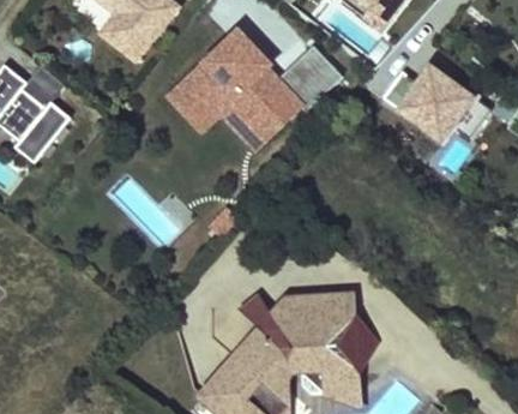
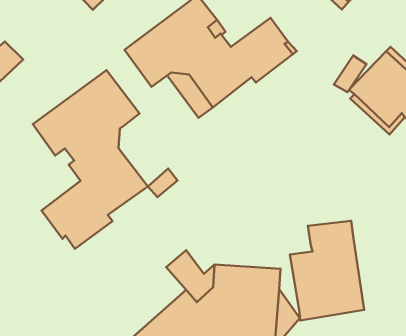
building: none -> [33,70,148,249]
building: none -> [290,221,364,321]

